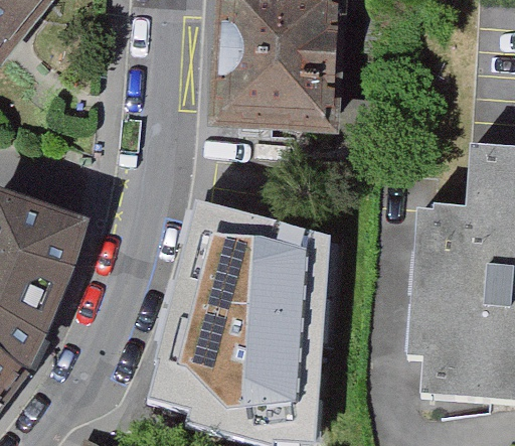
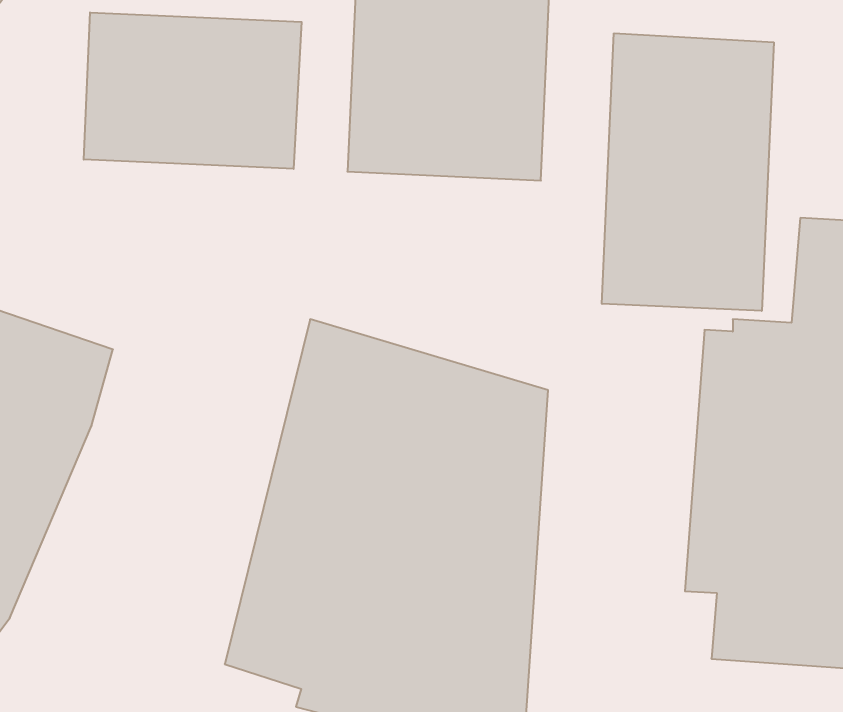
building: none -> [84,12,302,169]
building: none -> [602,33,774,311]

